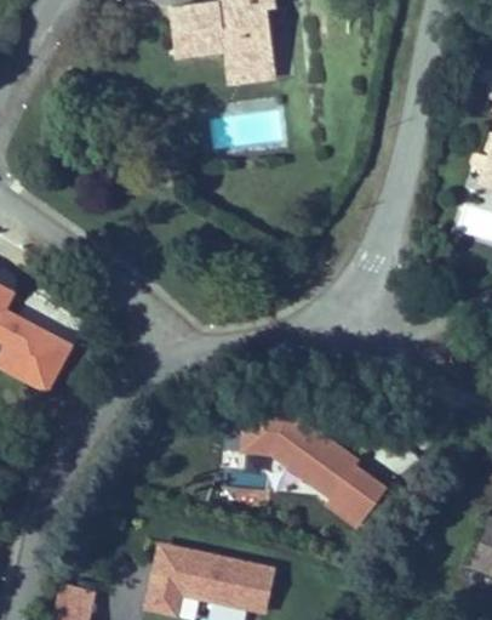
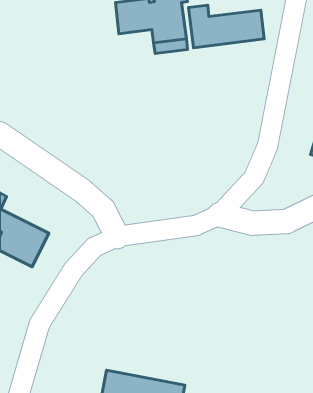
building: none -> [189,5,264,48]
building: [239,406,381,524] -> none

